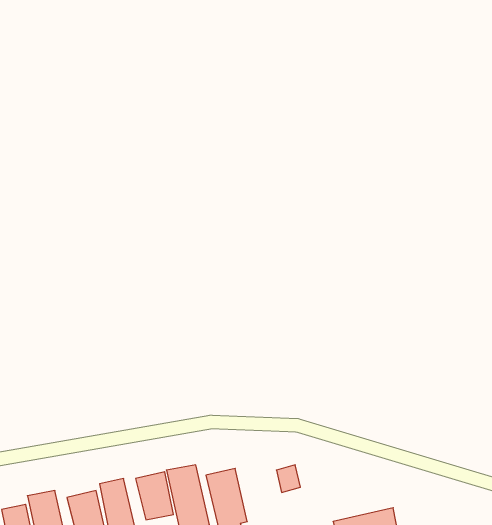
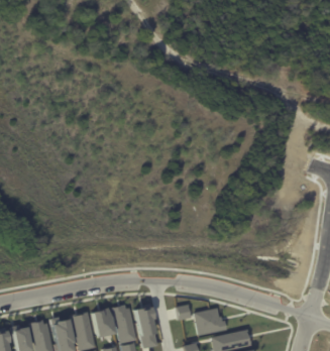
building: none -> [194,308,227,335]

